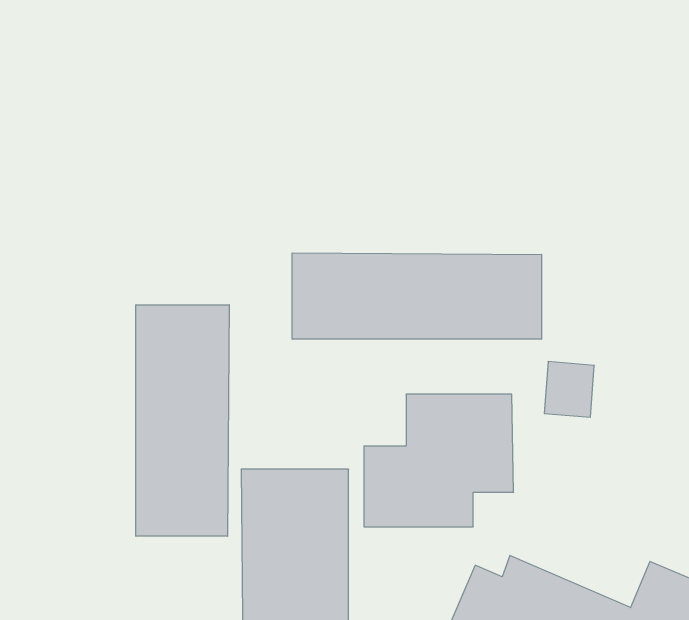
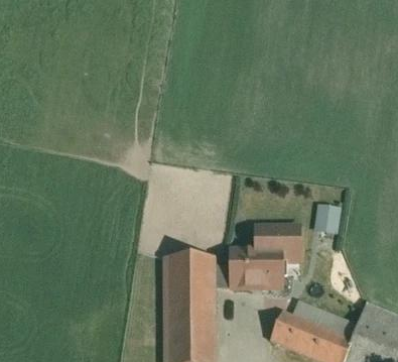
building: [292,253,542,339] -> none
building: [136,305,229,536] -> none

